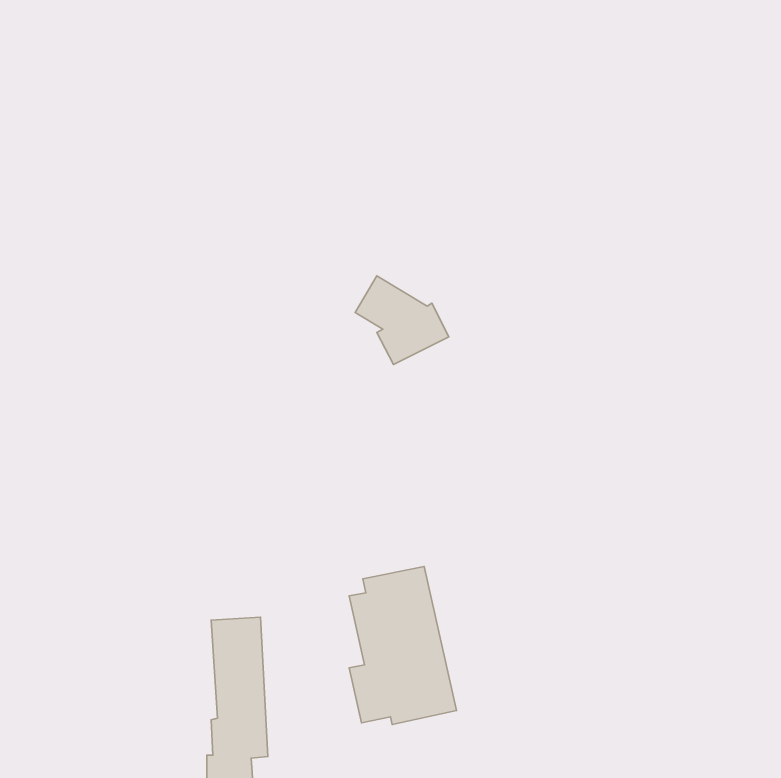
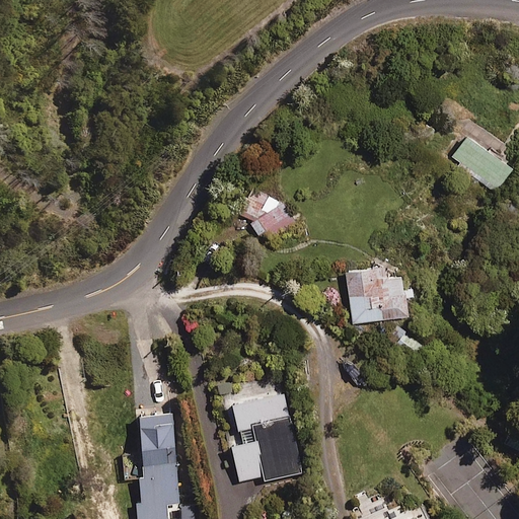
building: none -> [450,136,511,192]
building: none -> [346,266,414,323]

